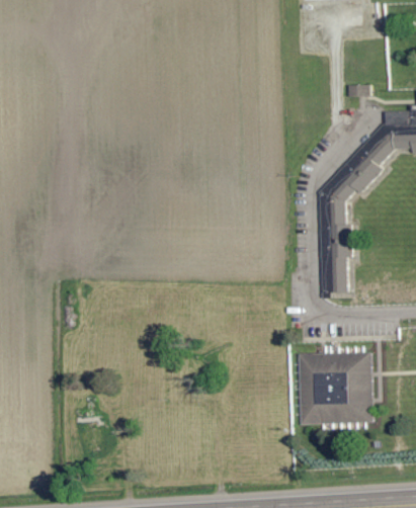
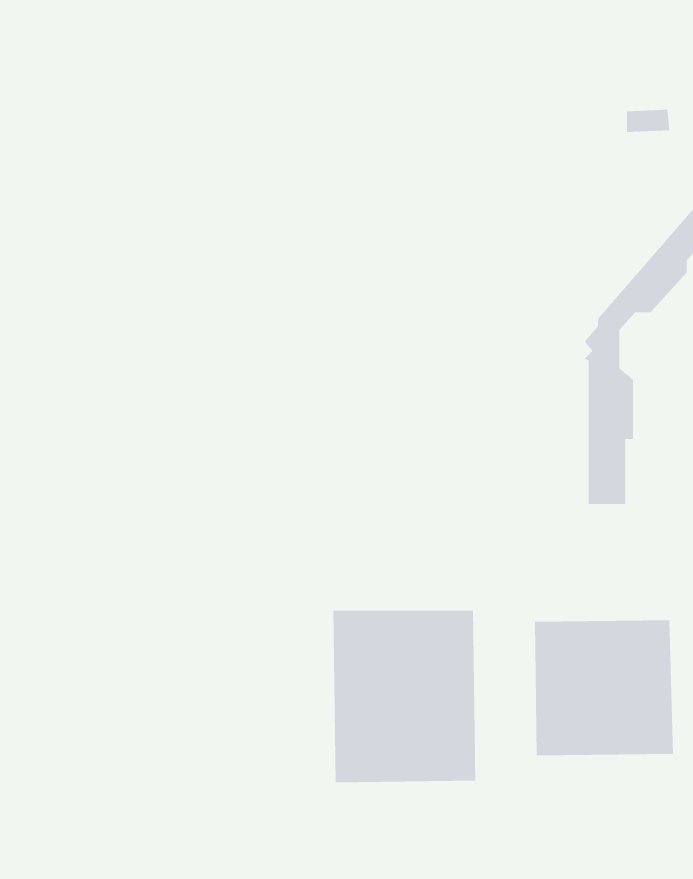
building: none -> [333,610,476,783]

